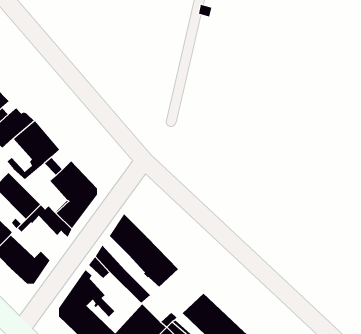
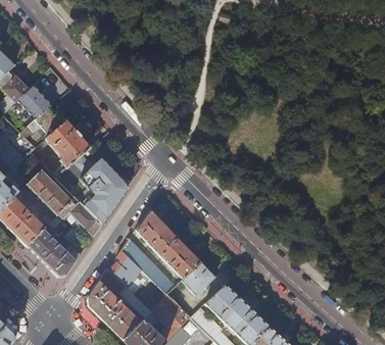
building: none -> [182,261,215,295]

